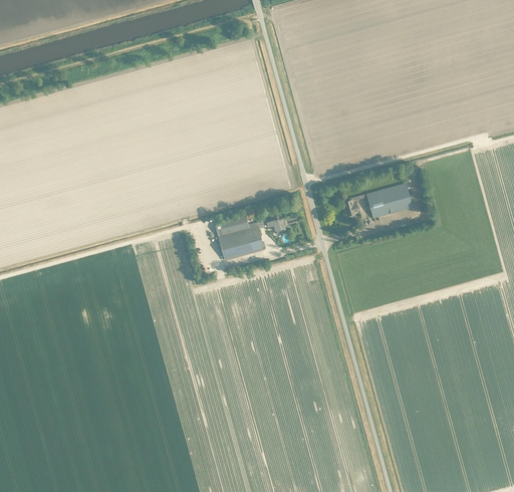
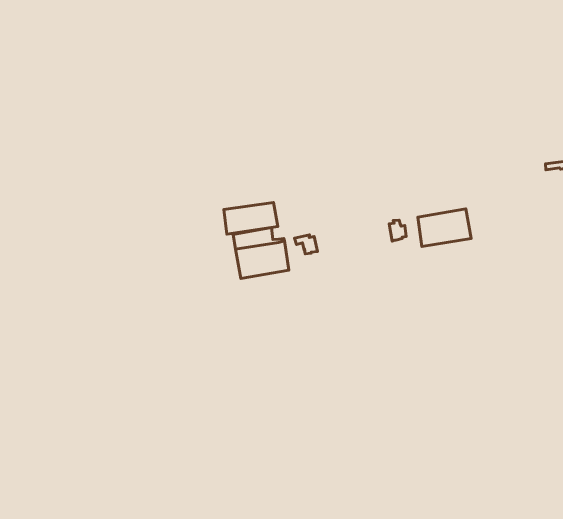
building: none -> [224,202,278,234]

